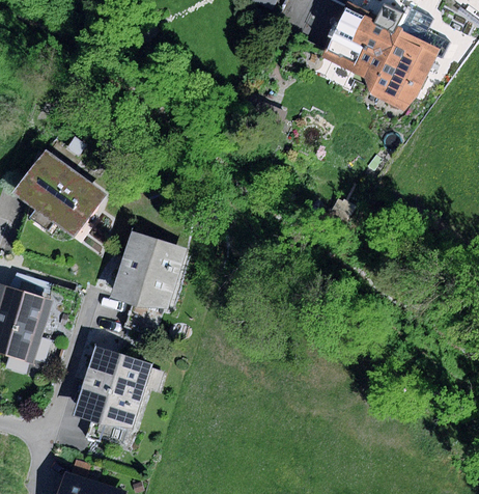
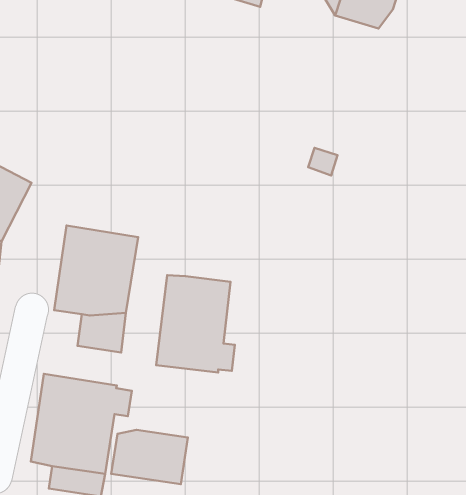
building: none -> [156,275,235,373]
building: none -> [111,430,188,484]

